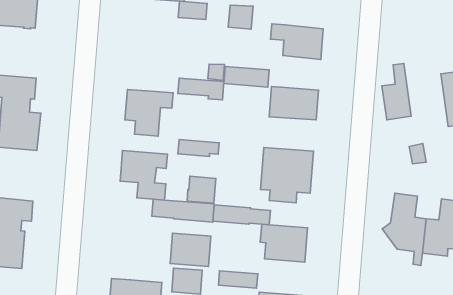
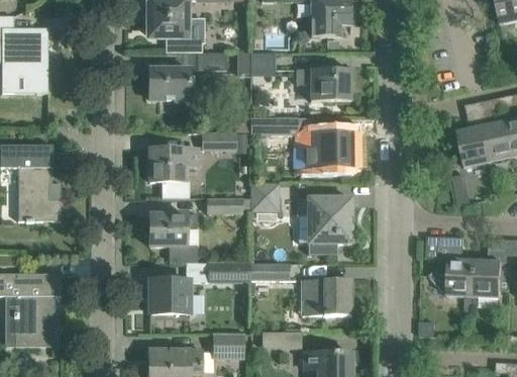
building: none -> [149,68,190,107]
building: [382,64,411,120] -> [456,106,490,167]
building: [187,176,216,203] -> [250,183,279,209]
building: [170,233,211,267] -> [149,280,190,312]

